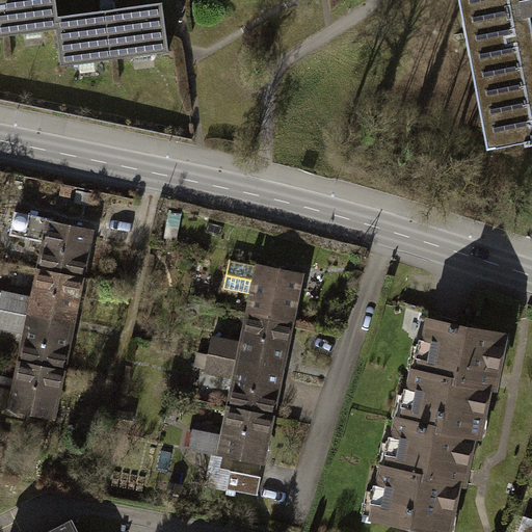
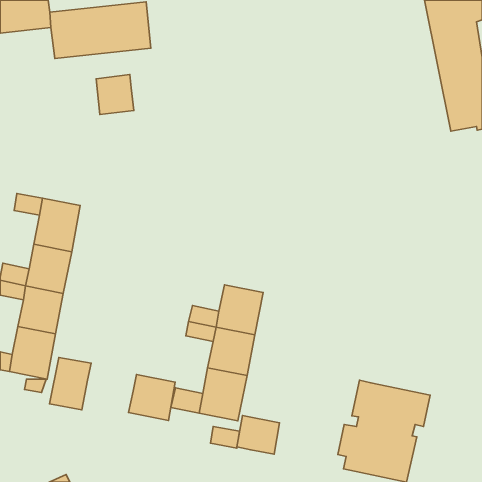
building: none -> [96,75,134,115]
building: [224,259,300,322] -> none
building: [402,318,506,436] -> none
building: none -> [49,357,91,410]
building: none -> [129,375,175,421]
building: none -> [237,416,280,454]

